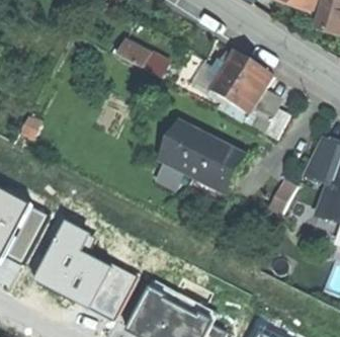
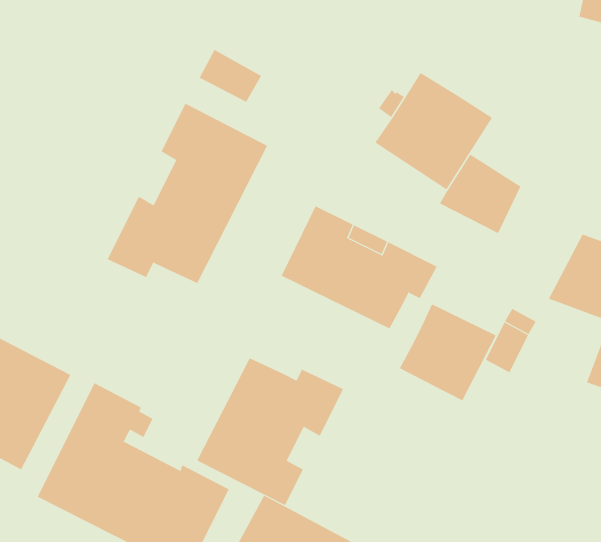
building: none -> [107,103,268,284]
building: none -> [399,303,497,401]
building: none -> [197,357,344,506]

